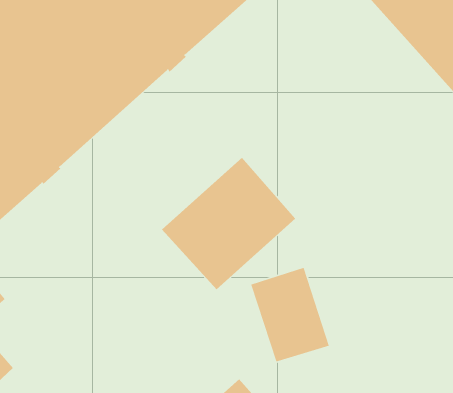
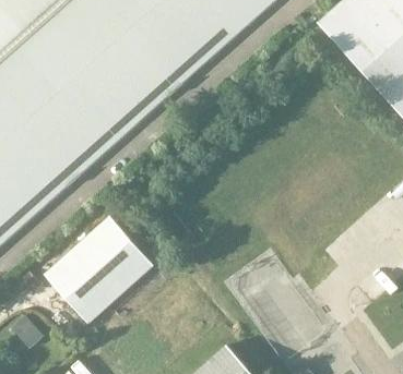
building: [161,157,296,290] -> [43,216,152,324]

